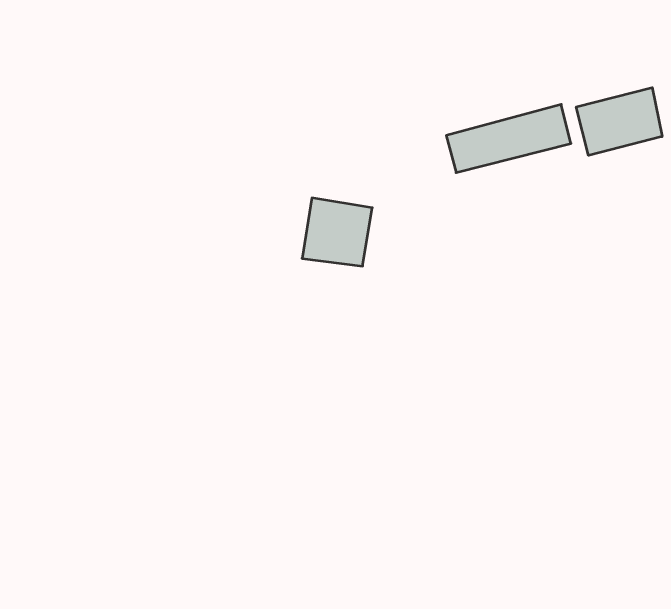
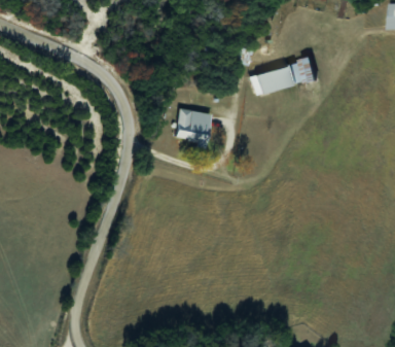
building: [576,88,662,155] -> none

